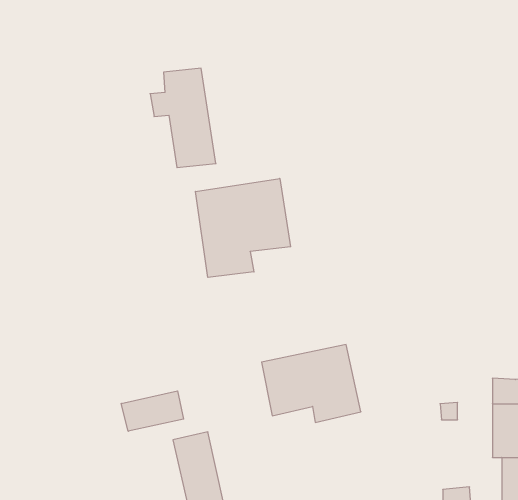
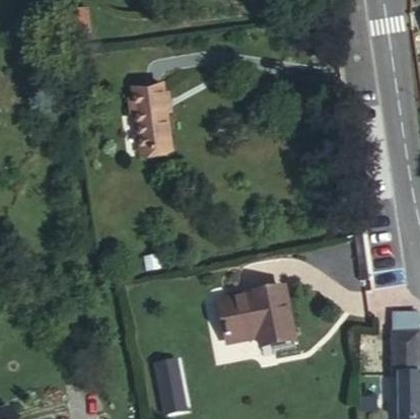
building: [195,178,291,277] -> none
building: [121,391,184,431] -> none

